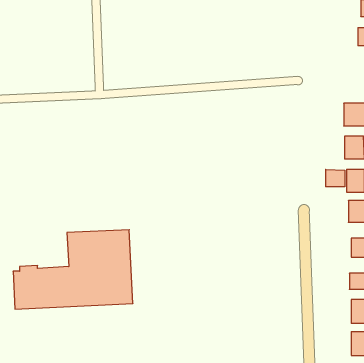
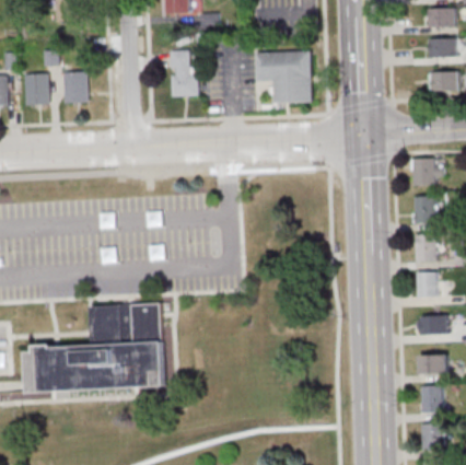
building: none -> [171,50,198,96]
building: none -> [255,51,313,103]
building: none -> [63,71,88,103]
building: none -> [24,73,48,105]
building: [326,169,345,187] -> none

